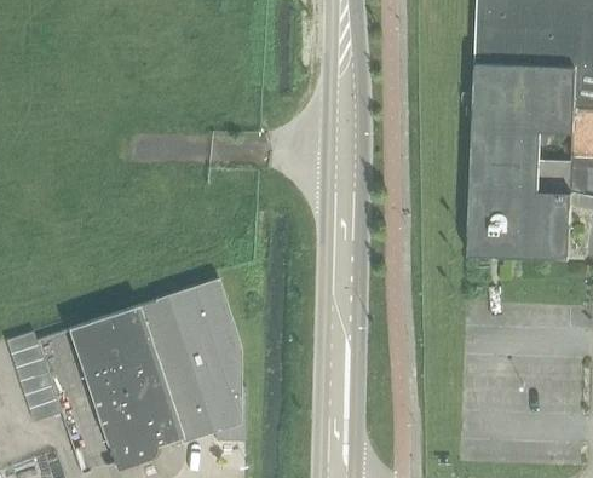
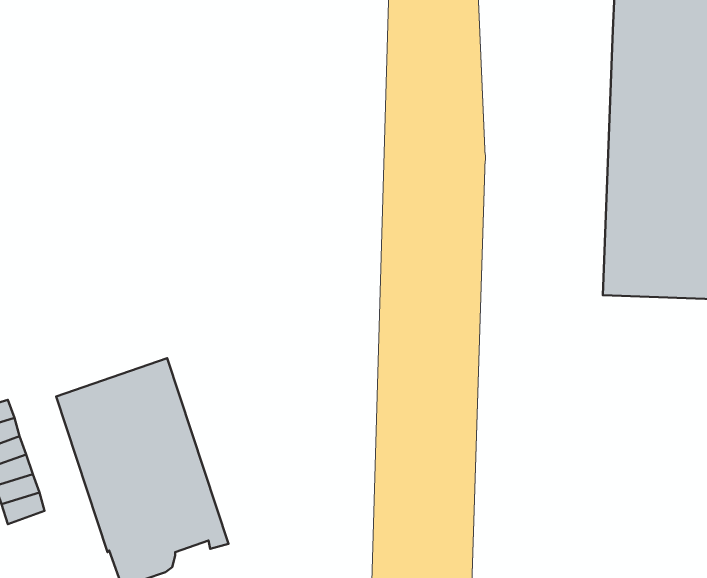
building: [150,280,246,440] -> none

